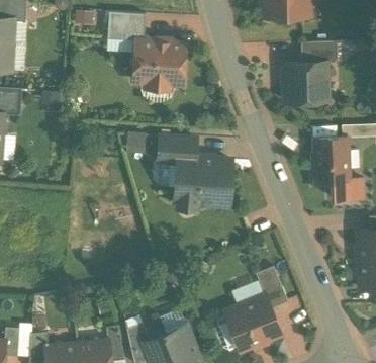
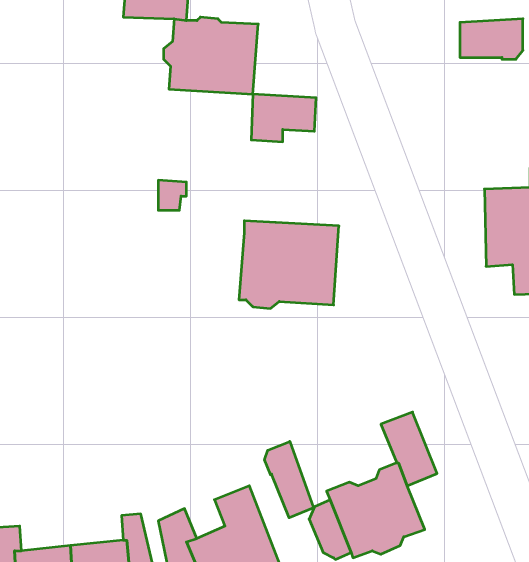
building: [284,63,326,106] -> none
building: [159,137,196,164] -> [251,94,316,142]
building: none -> [265,441,313,518]

